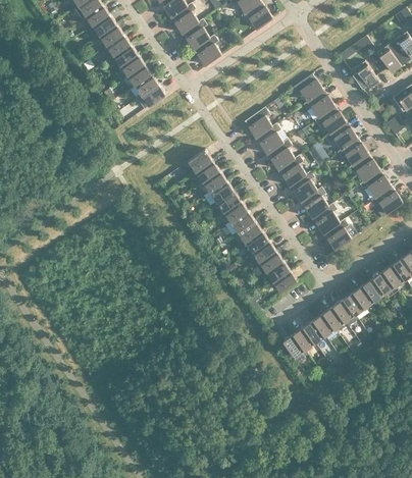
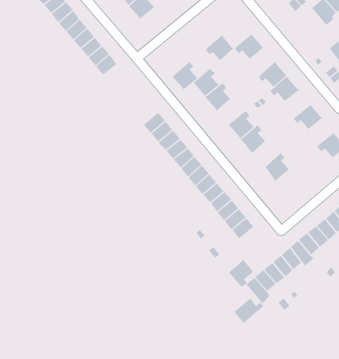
building: [192,36,220,66] -> none
building: [349,61,378,93] -> none
building: [302,91,333,118] -> [205,35,234,61]
building: [336,139,368,169] -> none
building: [265,140,298,170] -> [171,61,201,91]
building: [358,170,391,201] -> none
building: [300,188,327,219] -> none
building: [322,220,350,251] -> none
building: none -> [228,259,254,288]
building: none -> [233,298,264,324]

